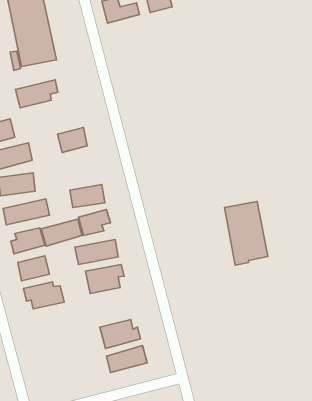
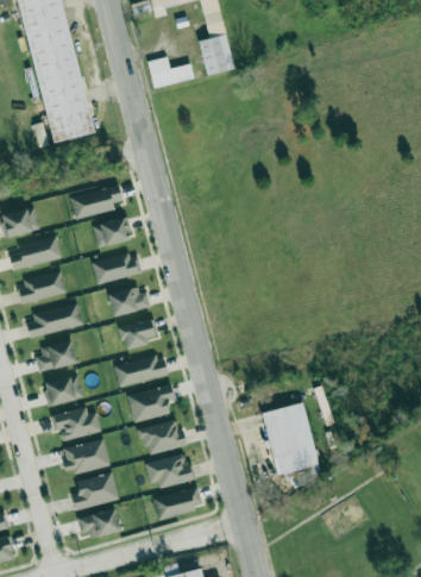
building: [15,80,58,108] -> [70,184,122,219]
building: [224,202,268,265] -> [265,403,319,482]
building: [41,219,82,246] -> [92,251,142,284]
building: none -> [139,419,187,456]
building: none -> [62,438,111,475]
building: none -> [71,471,119,510]
building: none -> [78,509,120,537]

